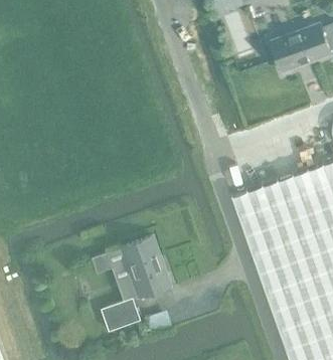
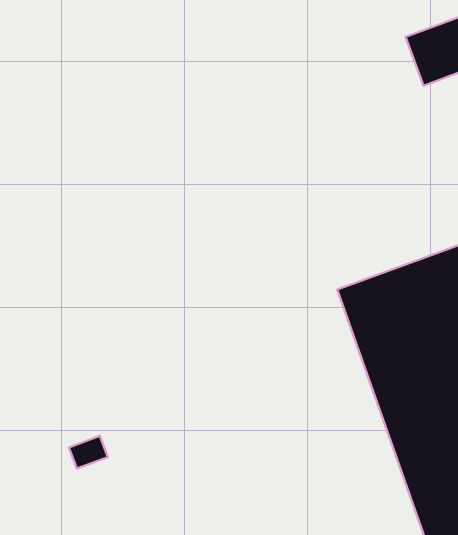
building: [91,237,170,299] -> none
building: [102,301,139,332] -> none

